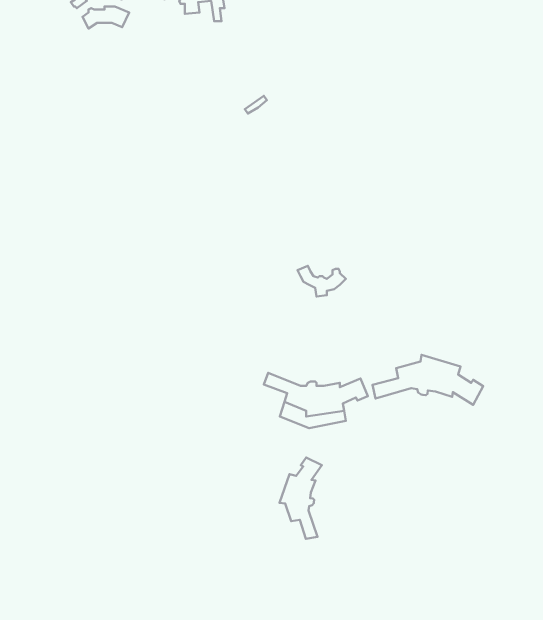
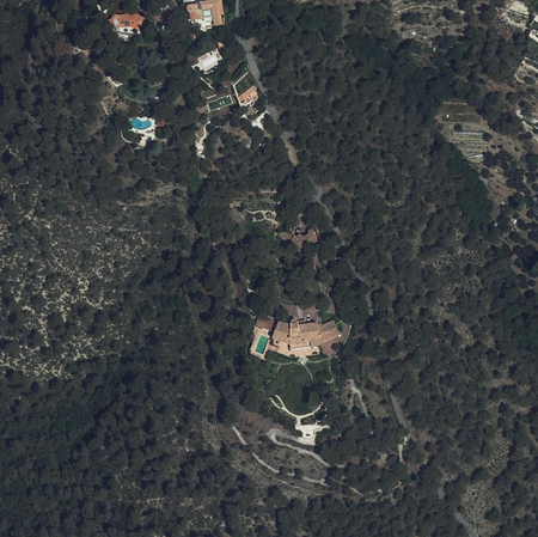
building: [372,355,483,405] -> none
building: [280,458,322,539] -> none

